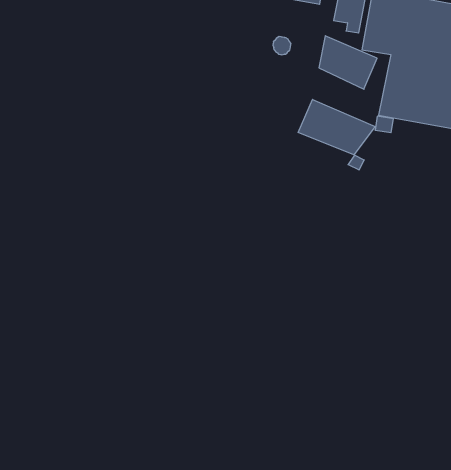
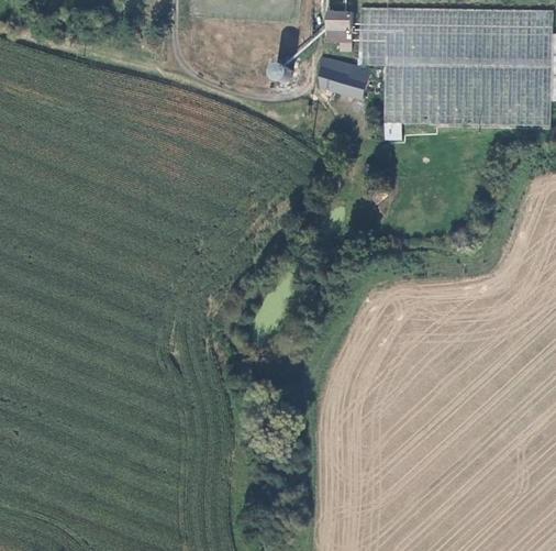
building: [298,99,375,155] -> none

